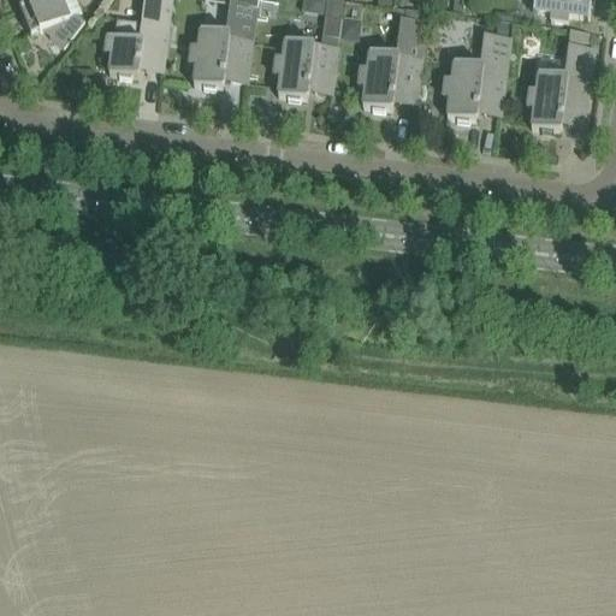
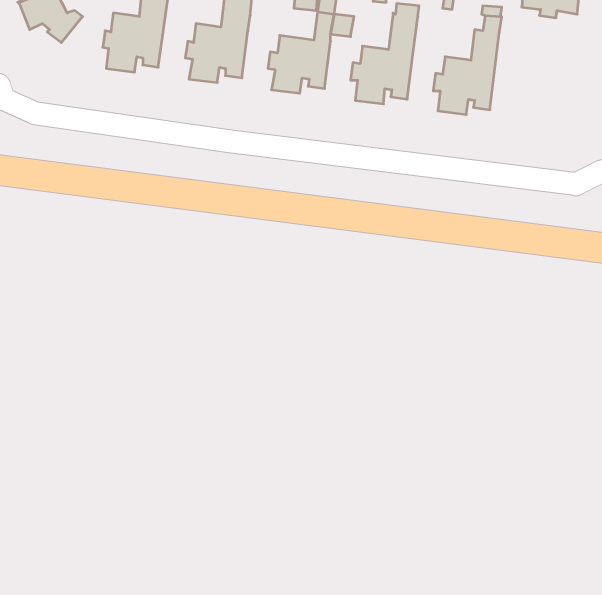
building: [526,25,594,128] -> none

